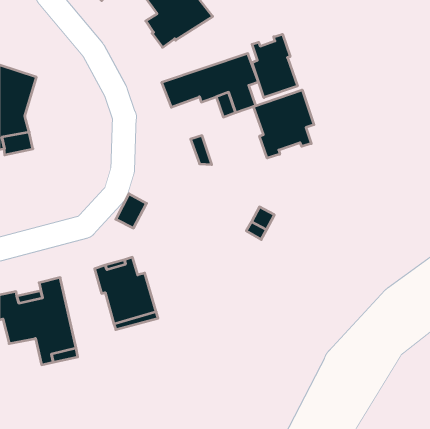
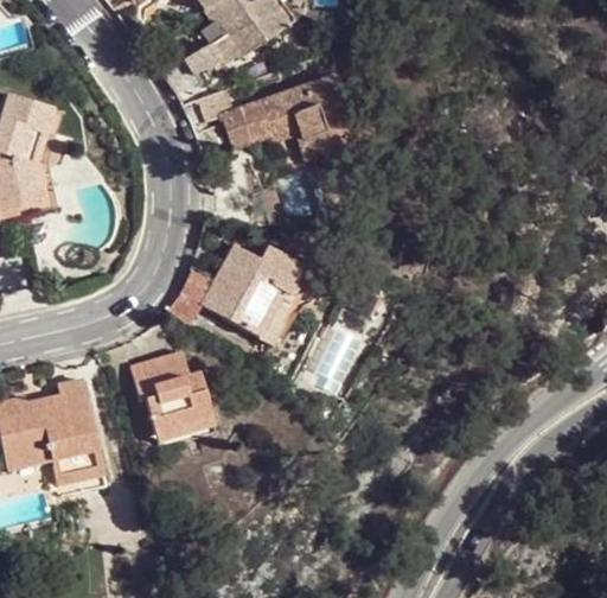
building: [252,34,297,98] -> none
building: [253,90,314,158] -> none
building: none -> [191,240,309,338]

